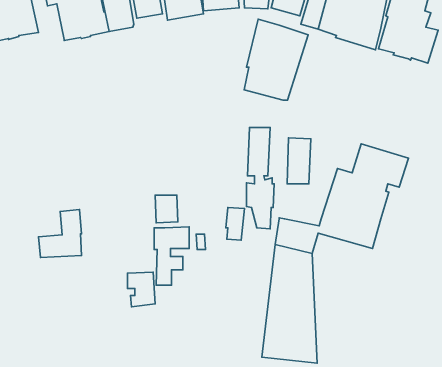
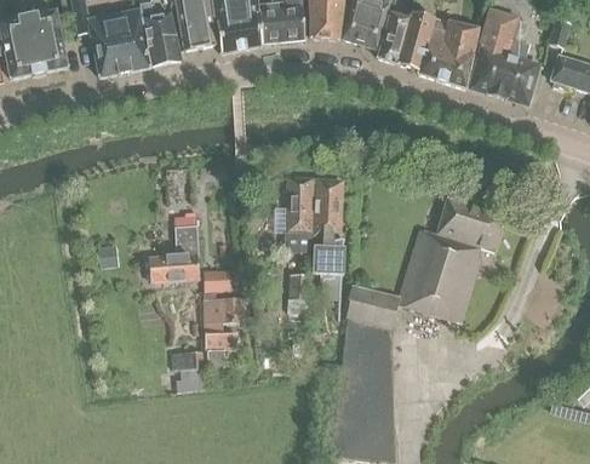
building: [244,19,308,100] -> none
building: [287,138,311,184] -> [285,177,313,231]
building: [39,209,82,257] -> [147,224,197,281]

